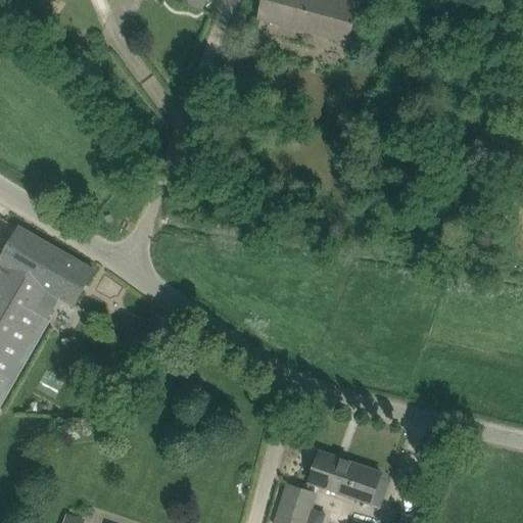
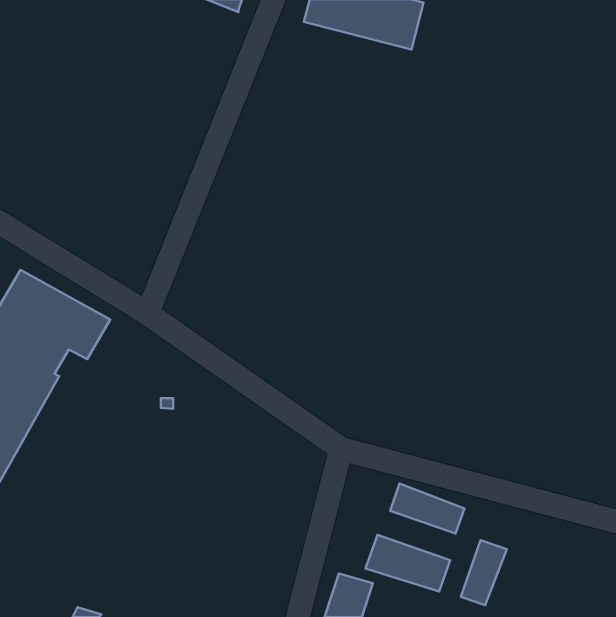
building: none -> [390,484,464,534]
building: none -> [461,540,507,605]

